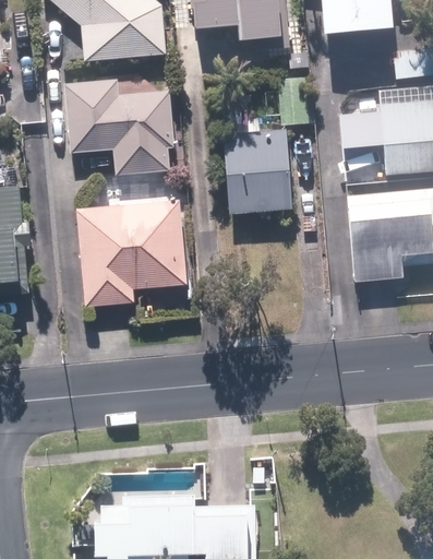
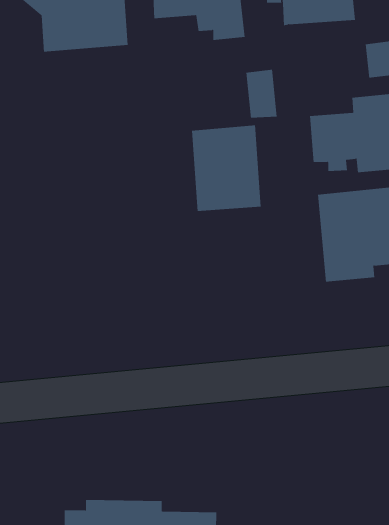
building: [65,81,173,174] -> none
building: [79,194,184,305] -> none

